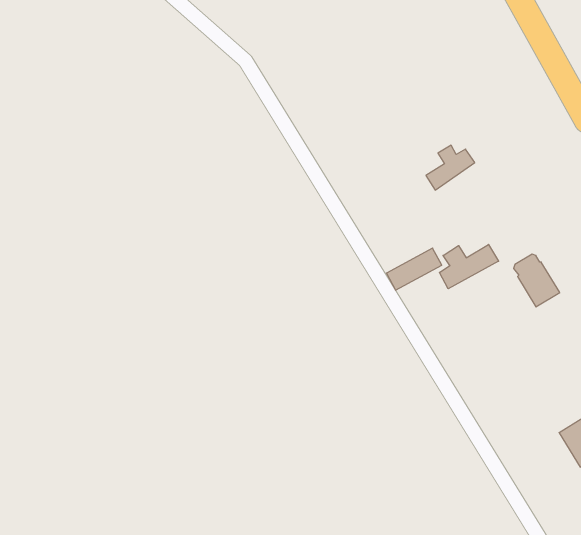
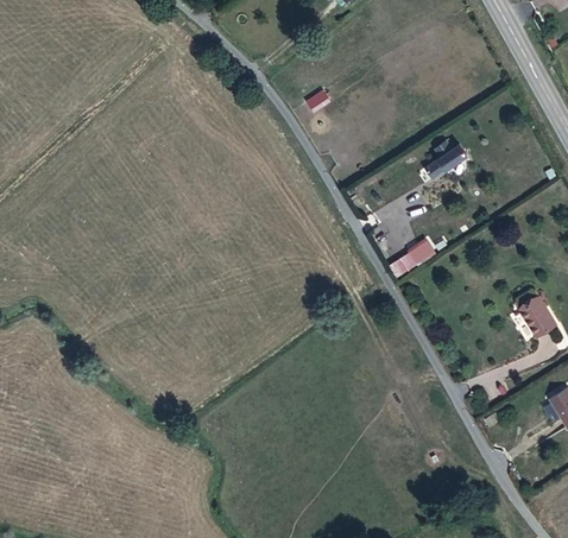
building: [439,244,499,289] -> none
building: [514,254,560,307] -> [513,295,555,342]

